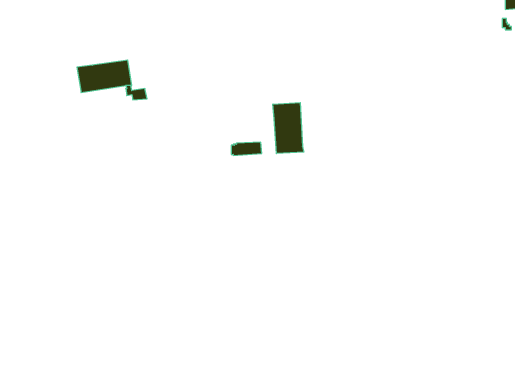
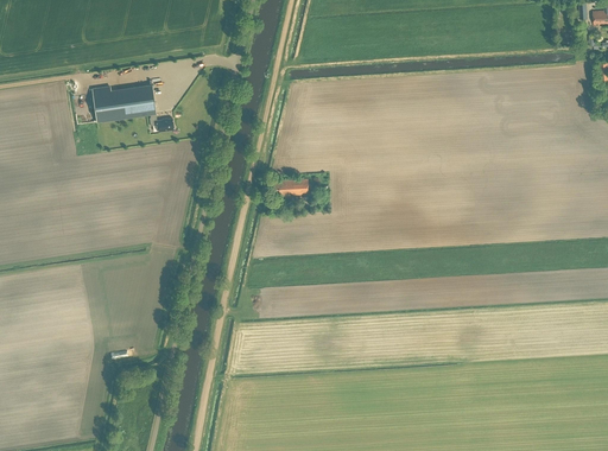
building: [273,103,304,154] -> none

